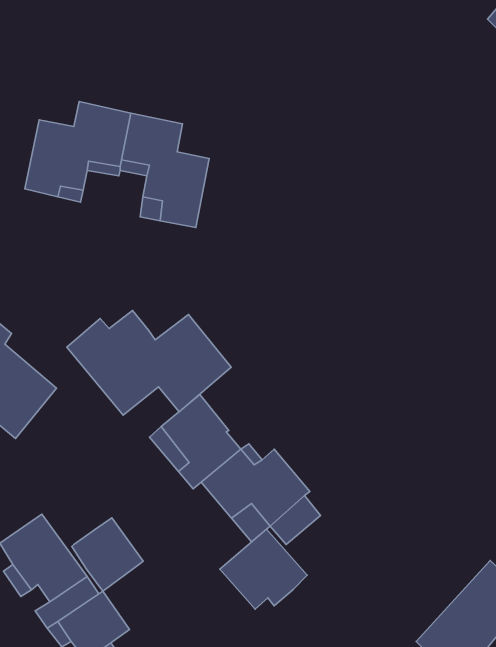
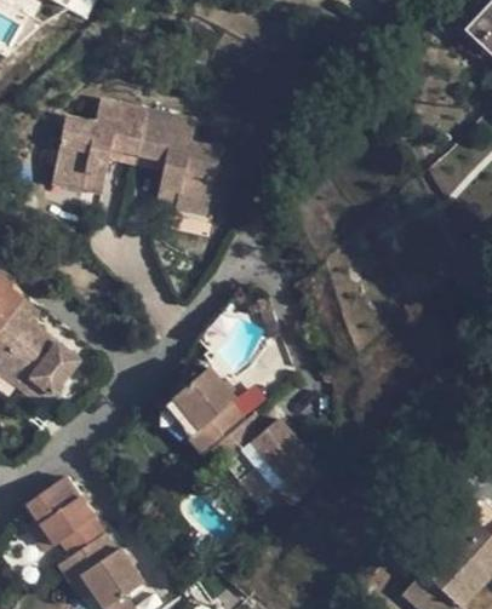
building: [67,310,231,415] -> none
building: [72,518,143,591] -> none
building: [220,529,307,609] -> none

